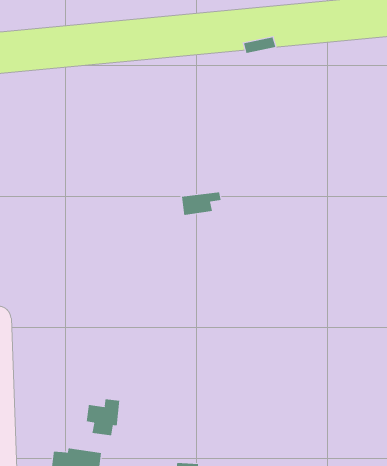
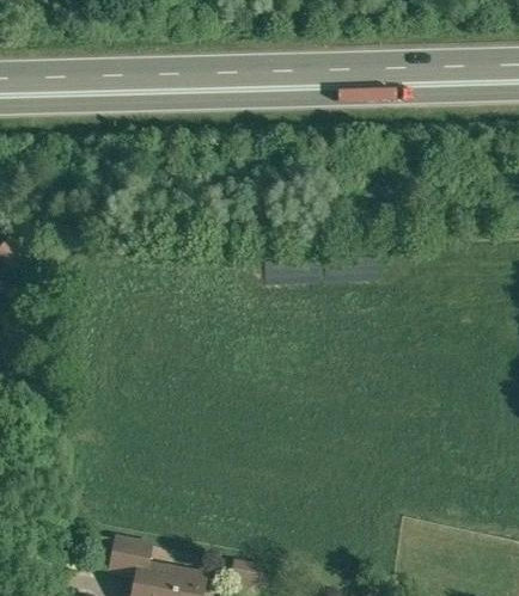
building: [86,398,120,436] -> none

